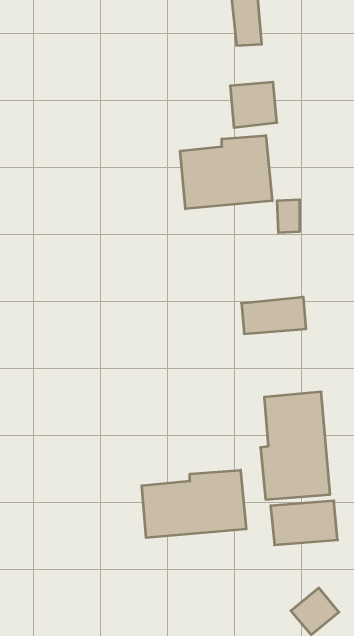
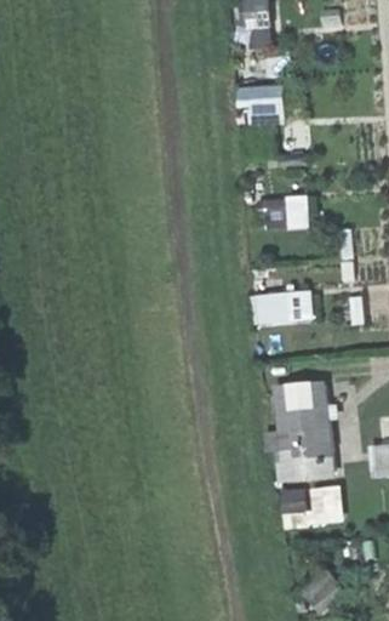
building: [180,135,272,209] -> none
building: [142,470,246,538] -> none

